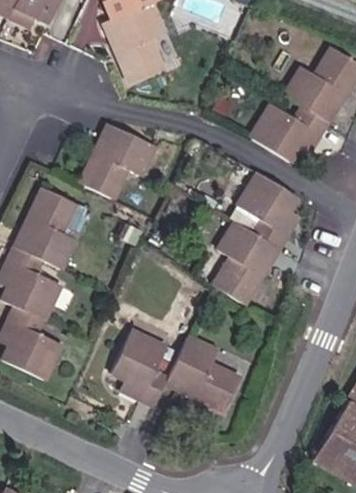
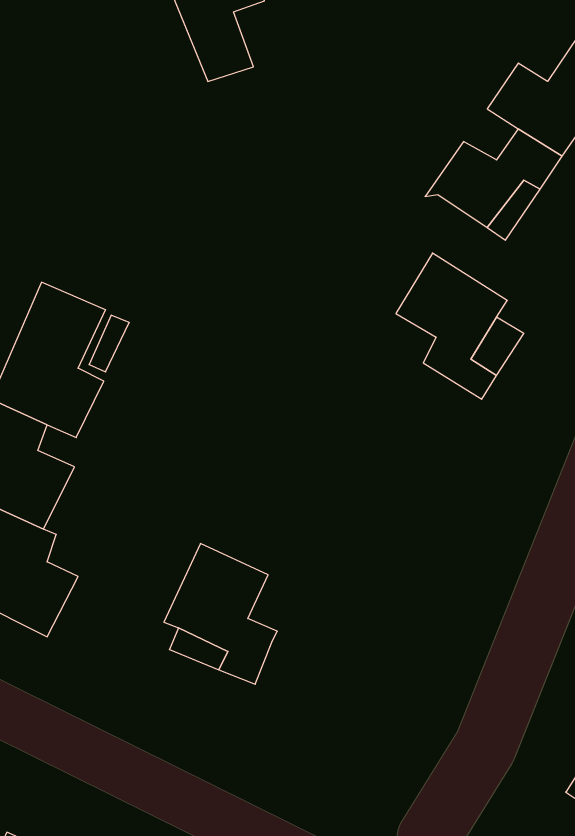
building: [78,122,154,199] -> none
building: [212,219,280,306] -> none
building: [165,336,239,410] -> none

